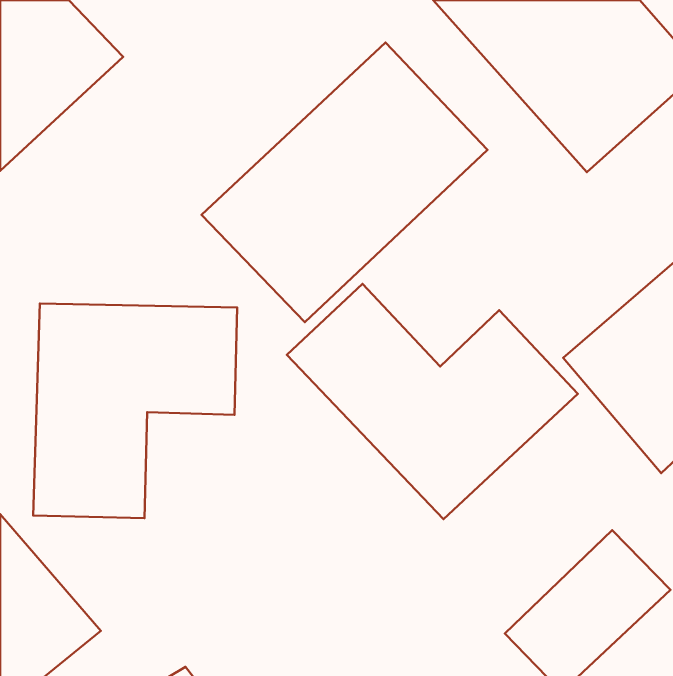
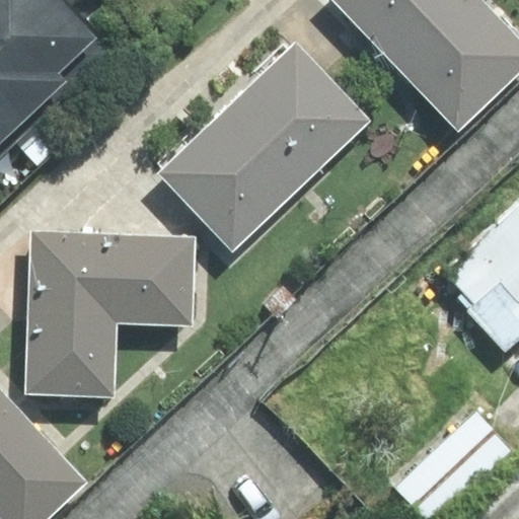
building: [287,284,578,519] -> none

